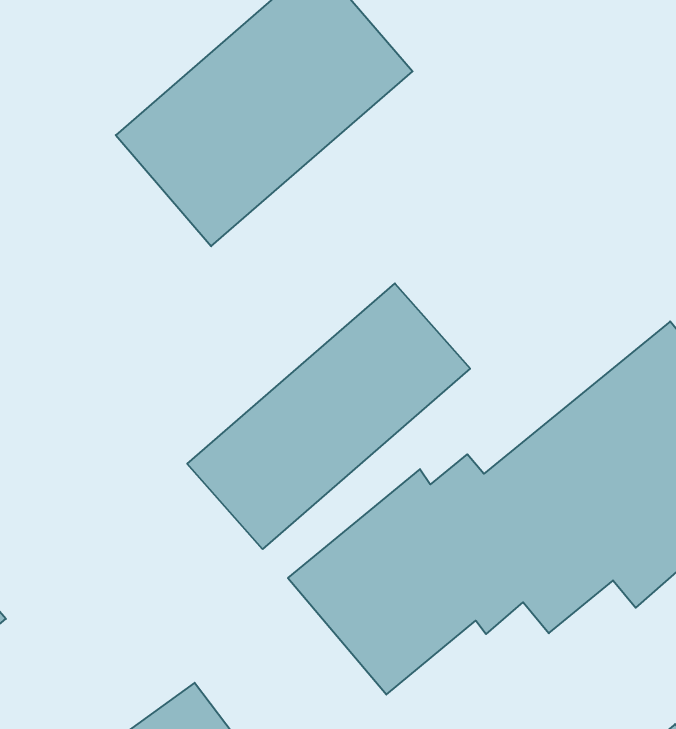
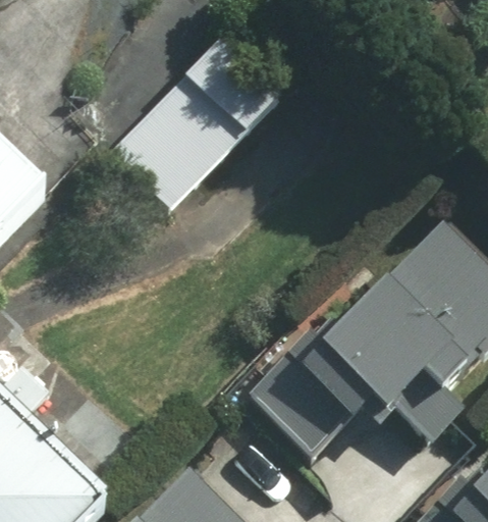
building: [187,283,470,549] -> none

